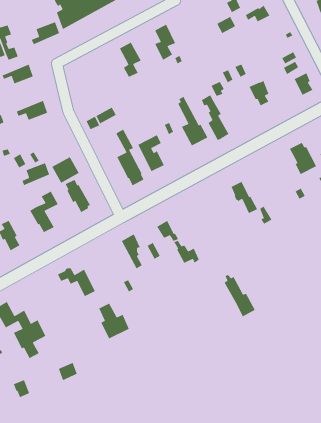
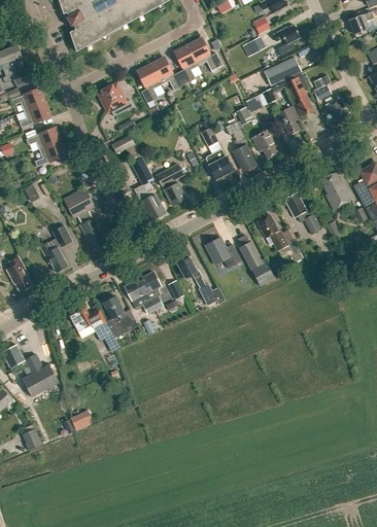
building: none -> [188,38,222,70]
building: [31,21,60,45] -> [19,102,50,128]
building: none -> [150,57,184,90]
building: none -> [265,57,313,115]
building: none -> [99,84,133,116]
building: none -> [252,129,278,159]
building: none -> [284,192,321,234]
building: [22,162,50,186] -> [35,141,66,167]
building: none -> [205,237,241,268]
building: none -> [125,279,156,313]
building: [223,274,256,318] -> [239,238,274,285]
building: [98,302,130,340] -> [103,295,137,336]

